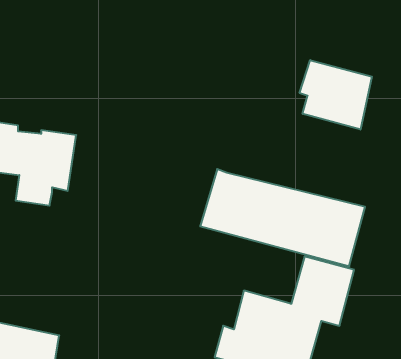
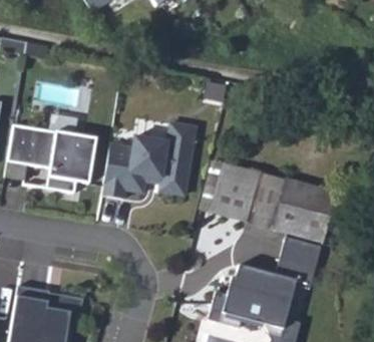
building: [300,60,372,130] -> none
building: none -> [100,124,195,201]

